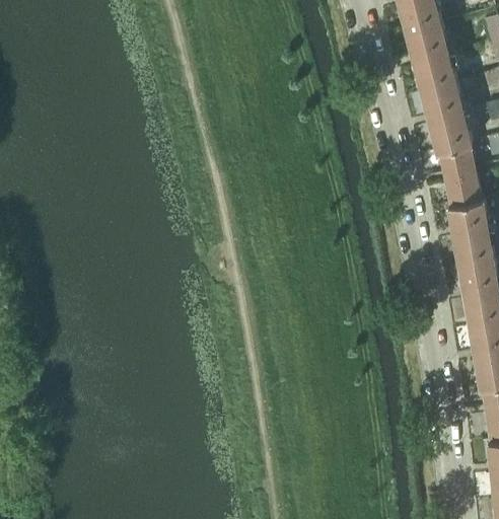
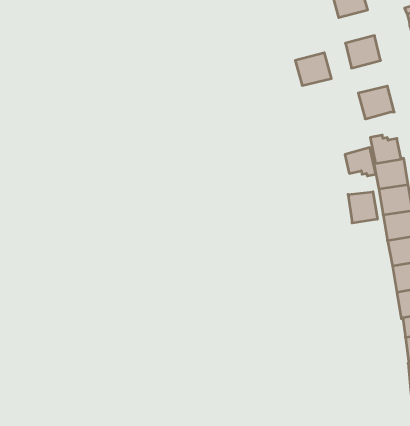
building: [406,20,448,60] -> none
building: [421,80,464,119] -> [295,53,331,85]
building: [438,141,475,174] -> [345,148,376,176]
building: none -> [348,192,377,223]

